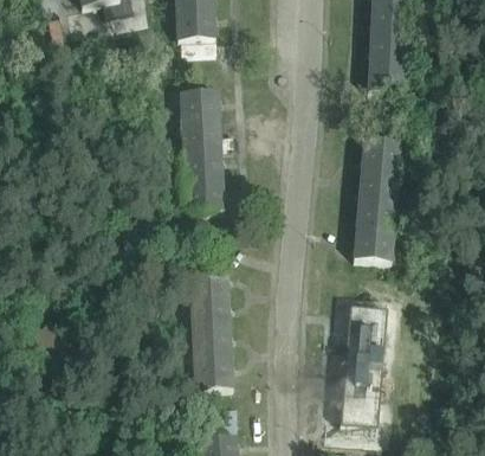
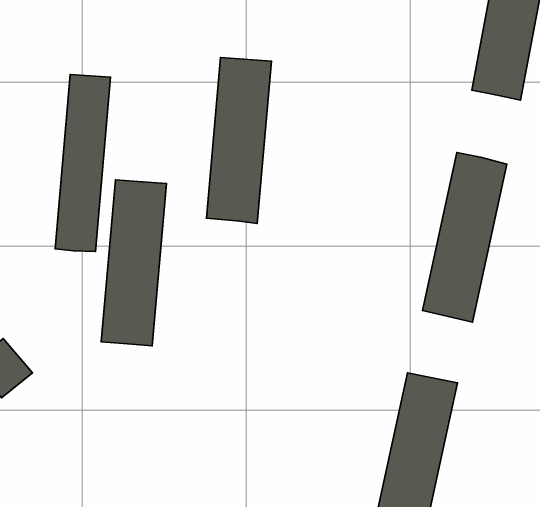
building: none -> [55,75,111,252]
building: [189,265,233,388] -> [101,180,166,346]

